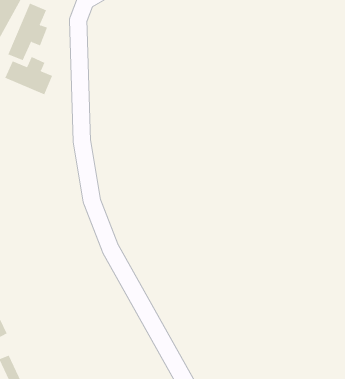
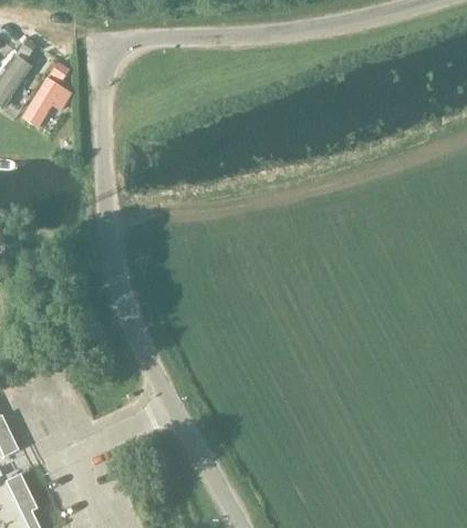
building: [5,56,53,95] -> none

